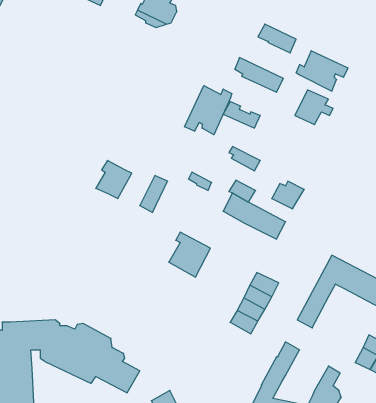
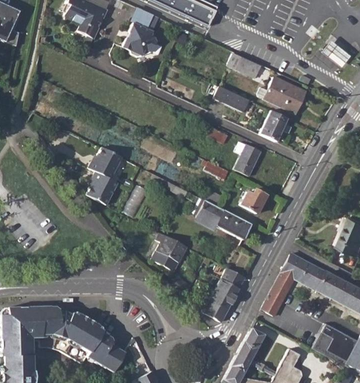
building: [184,86,232,135] -> none
building: none -> [234,141,260,175]
building: none -> [89,147,123,179]

